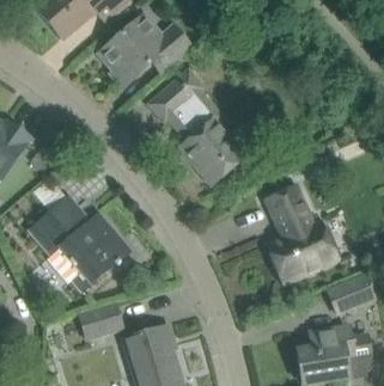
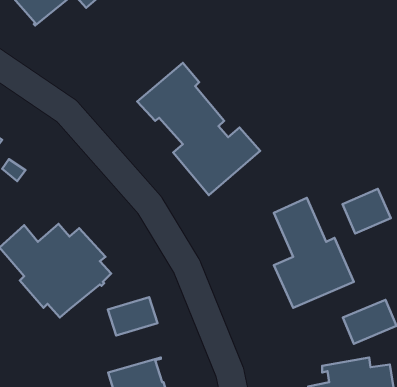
building: [98,20,193,85] -> none
building: none -> [343,189,391,233]
building: [79,304,122,337] -> [108,297,157,336]

